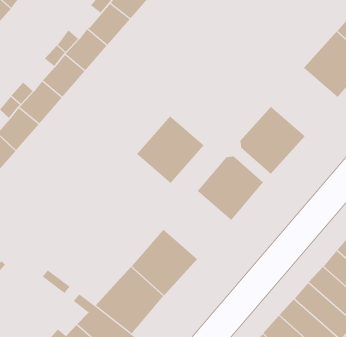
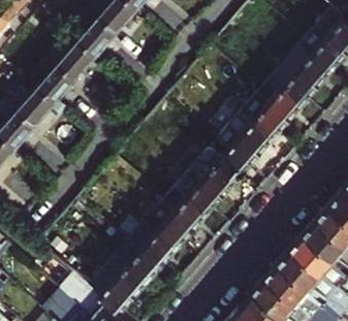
building: none -> [245,73,305,134]
building: [136,115,204,184] -> [149,183,210,244]

